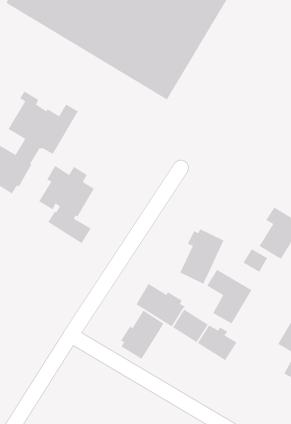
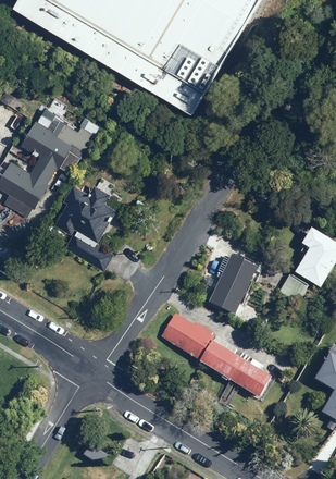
building: [206,269,253,325] -> none
building: [120,310,165,360] -> none

